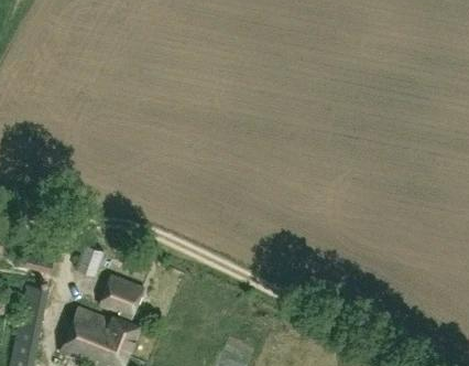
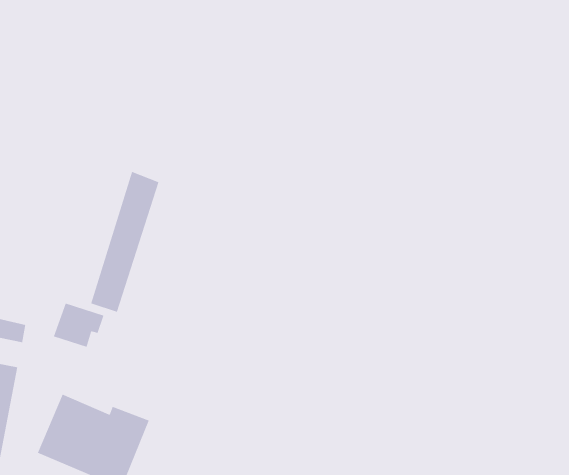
building: none -> [90,171,159,313]
building: [98,273,144,314] -> none

